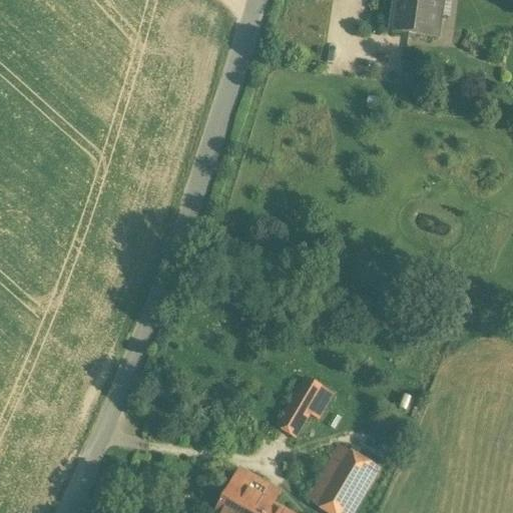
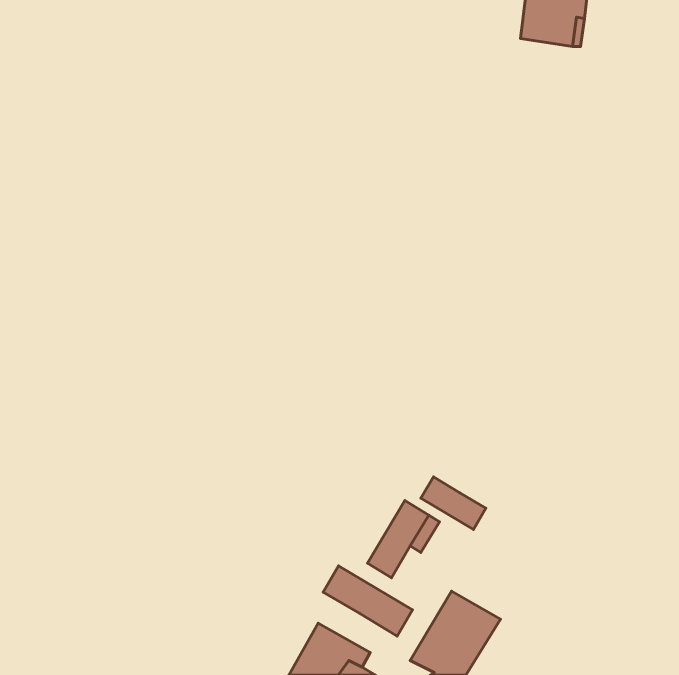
building: none -> [421,477,486,529]
building: none -> [323,566,412,636]

